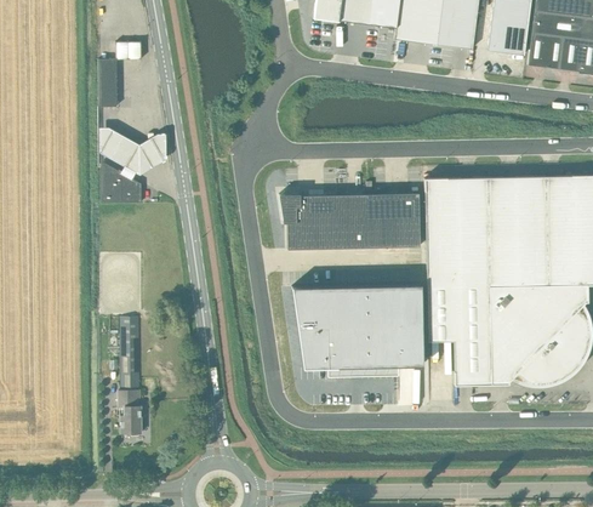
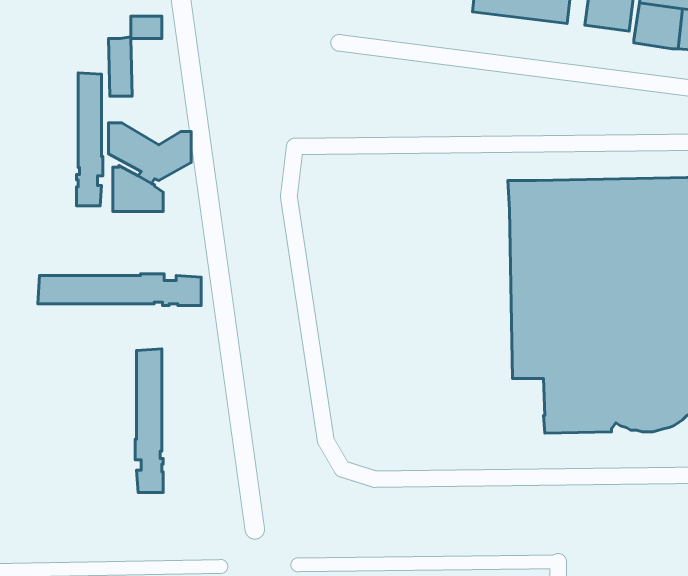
building: none -> [77,73,103,206]
building: [279,192,420,249] -> none
building: none -> [38,274,201,305]
building: [291,284,422,376] -> none

